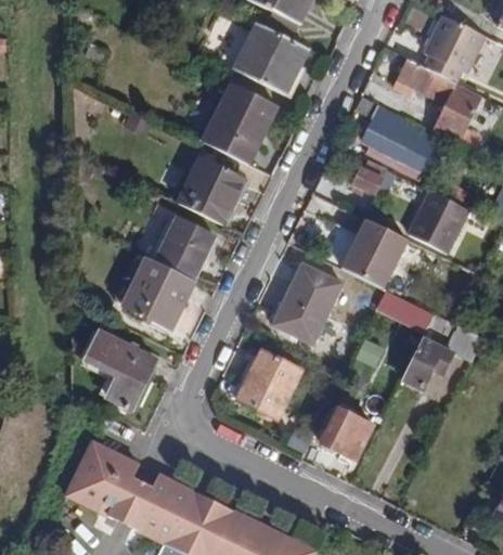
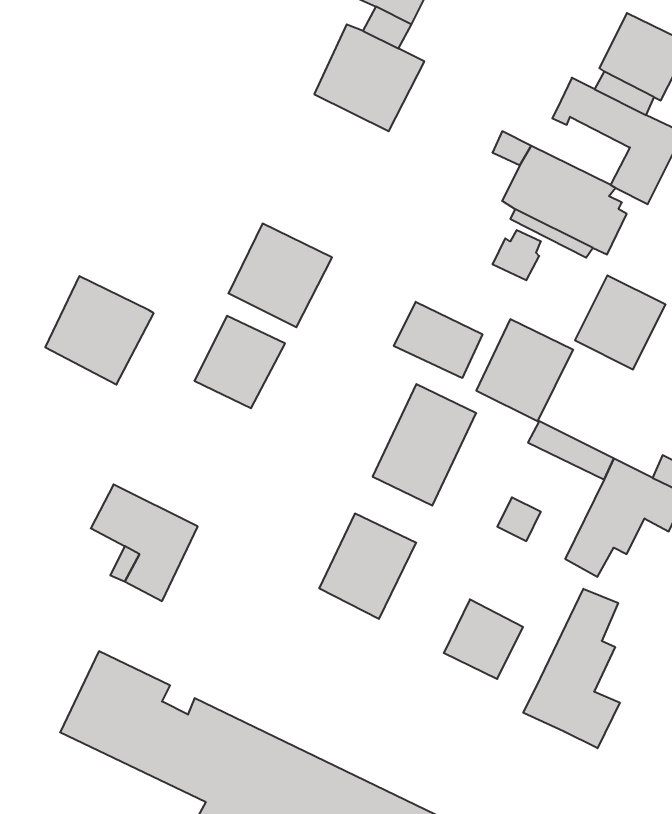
building: [201,81,278,163] -> none
building: none -> [394,302,482,378]
building: [121,256,194,328] -> [45,276,154,385]
building: none -> [523,589,620,748]

